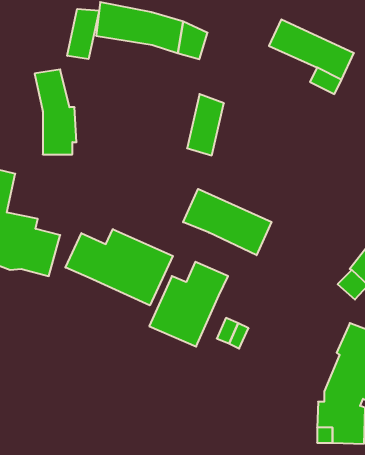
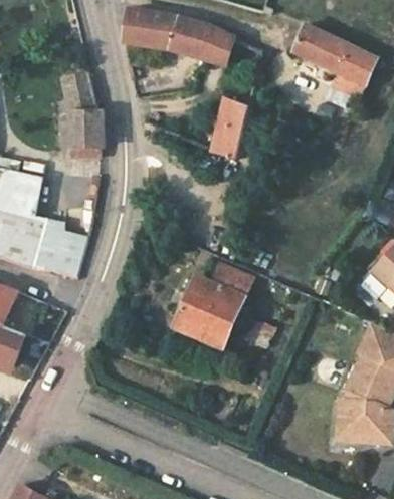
building: [67,9,99,59] -> none
building: [183,189,272,255] -> none
building: [65,229,173,305] -> none

